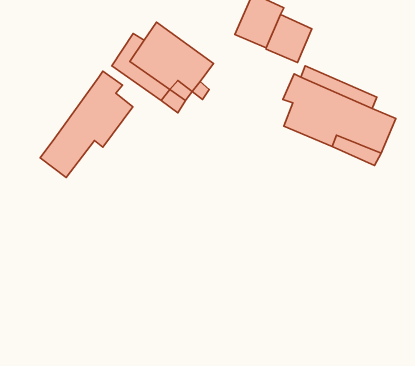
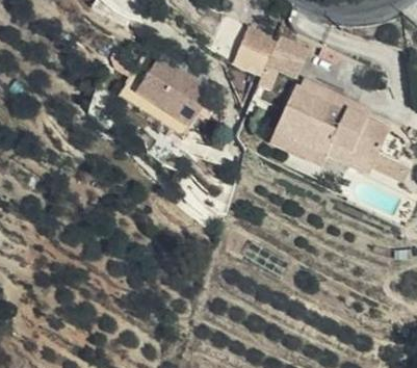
building: [40,71,133,177] -> none
building: none -> [267,112,327,166]

